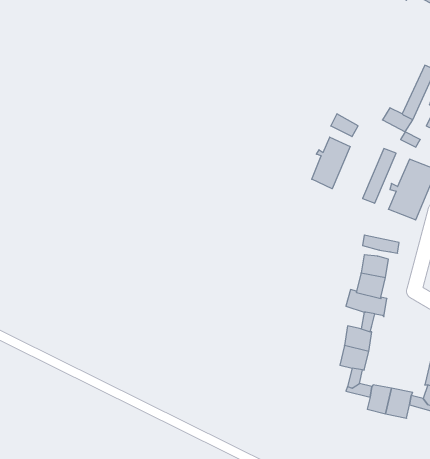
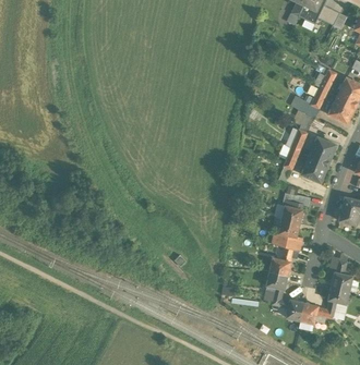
building: [312,137,350,189] -> none

